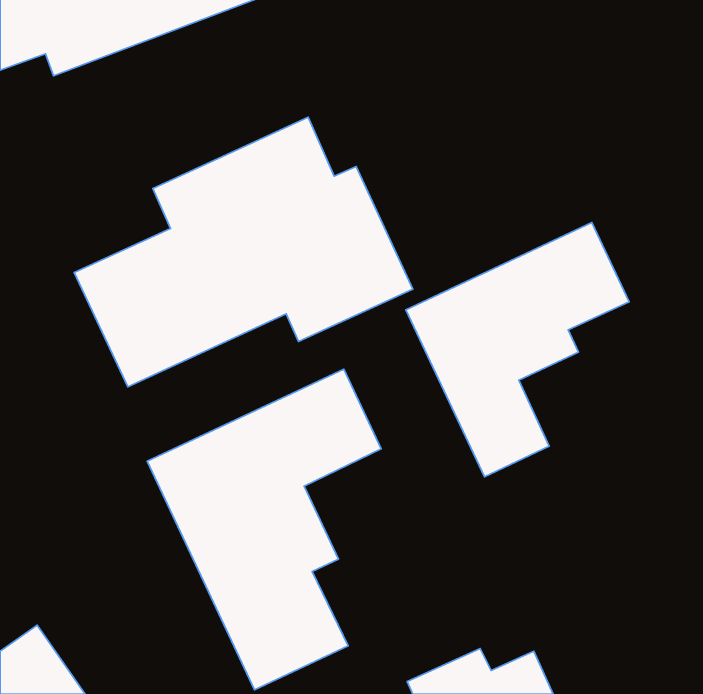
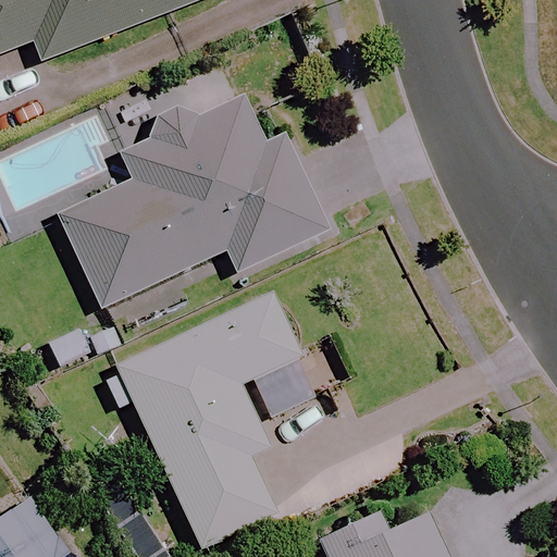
building: [406,222,629,477] -> none

